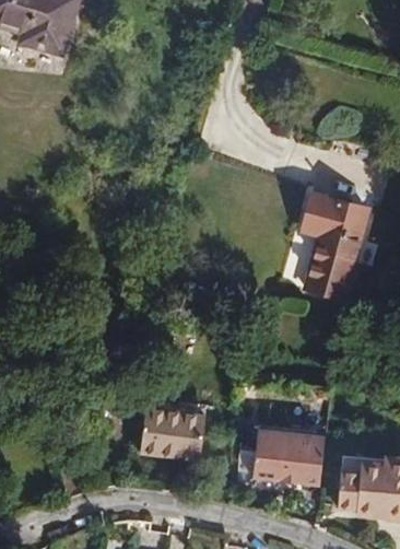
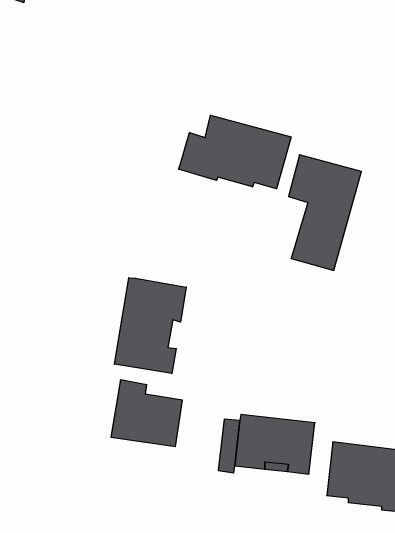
building: none -> [178,115,291,189]
building: none -> [114,278,186,374]

